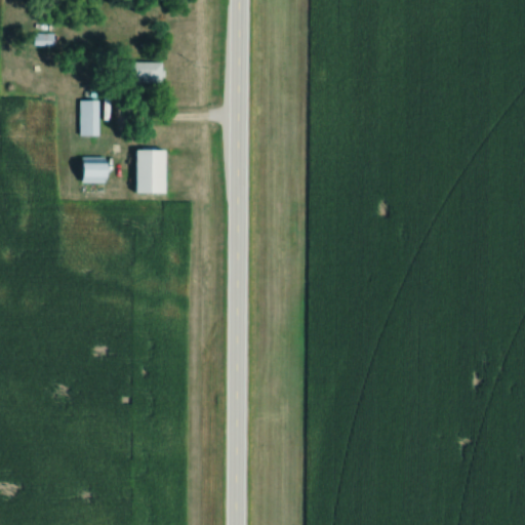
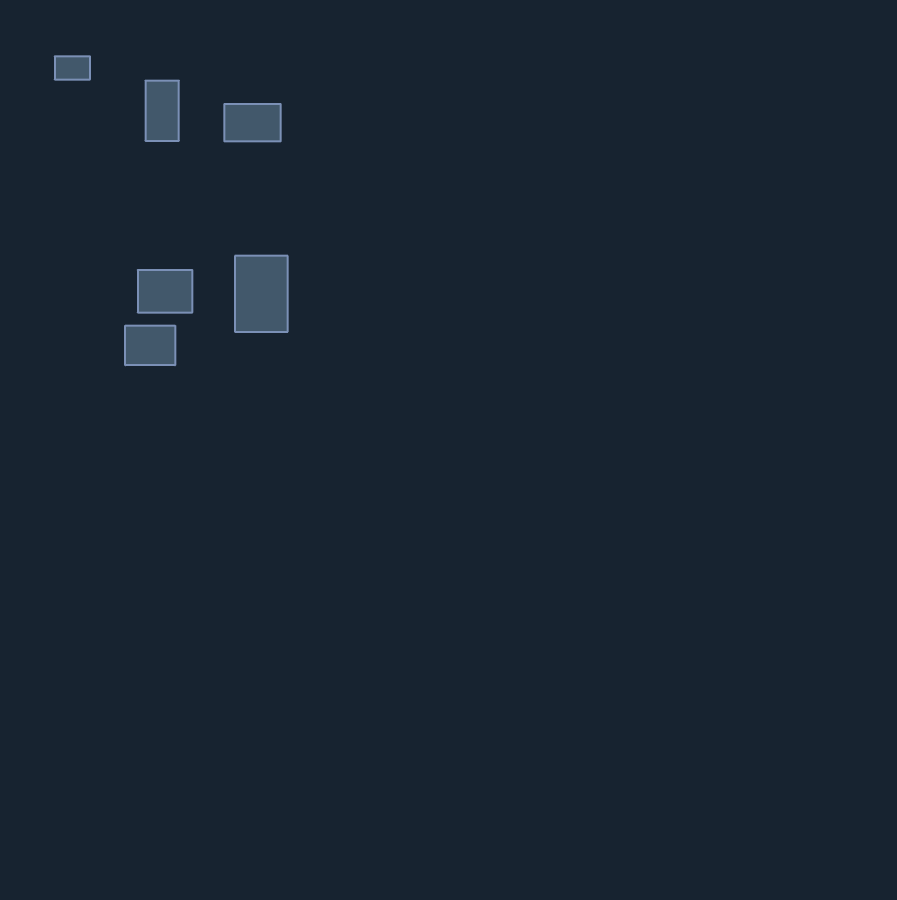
building: [79,100,98,135] -> [145,81,179,141]
building: none -> [125,326,175,365]

